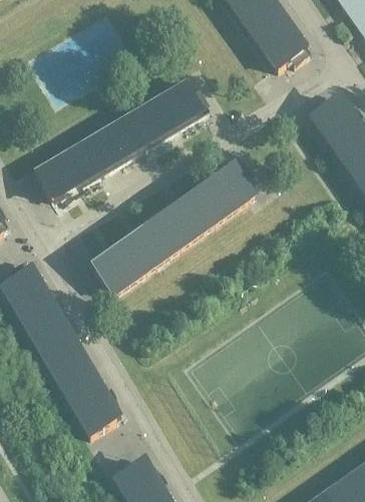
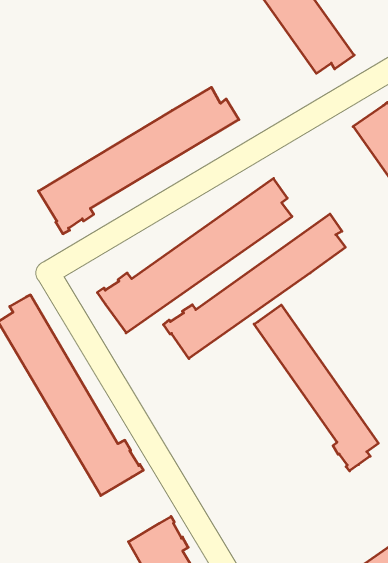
building: none -> [163,214,345,359]
building: none -> [254,305,378,471]

